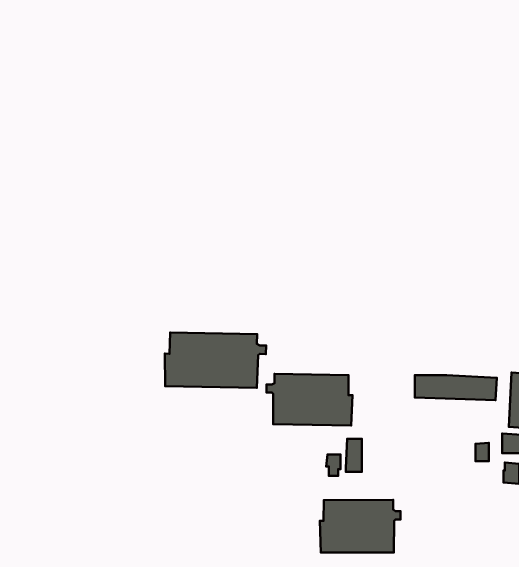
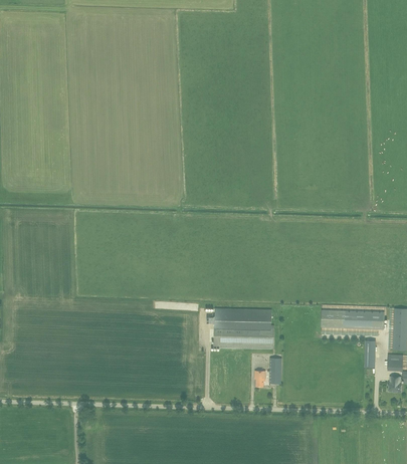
building: [165,333,266,388] -> none
building: [320,500,401,553] -> none

